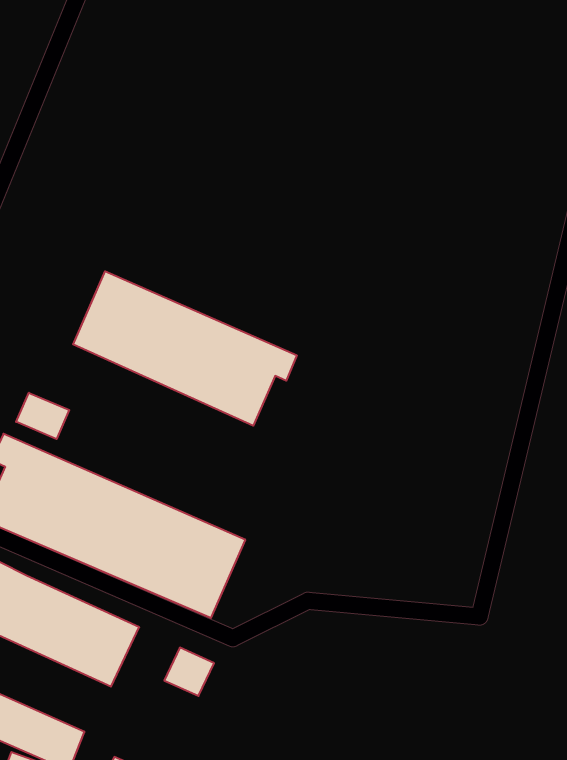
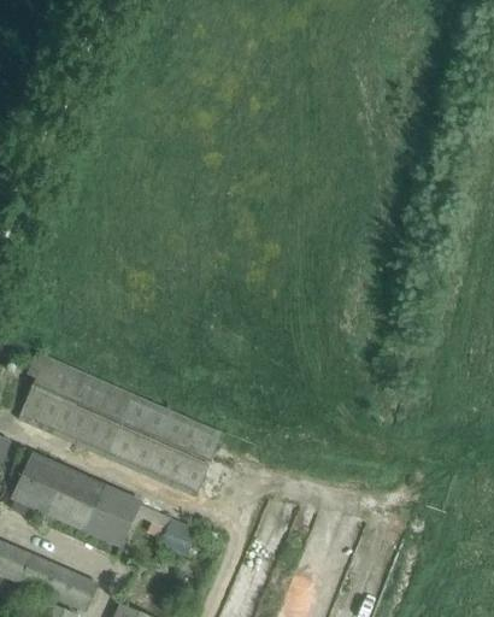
building: [73,271,297,426] -> none
building: [16,393,69,439] -> none

